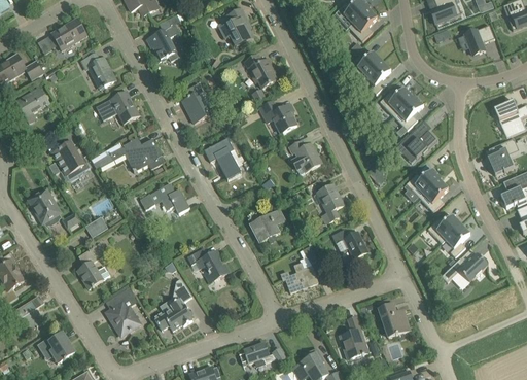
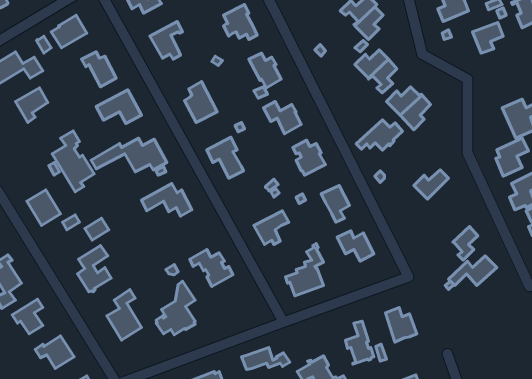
building: [390,128,435,158] -> [356,120,403,150]
building: [420,177,448,212] -> none
building: [428,215,461,244] -> none

